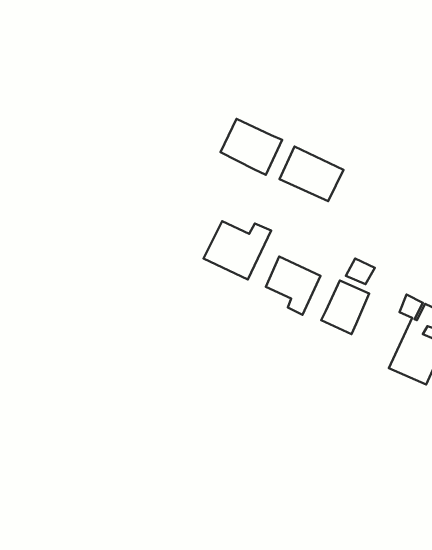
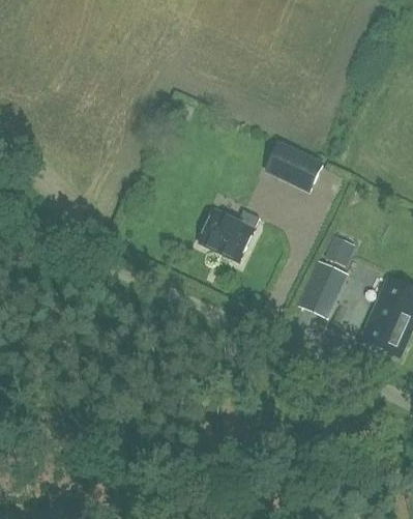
building: [220,119,282,175] -> none
building: [266,257,321,315] -> none

